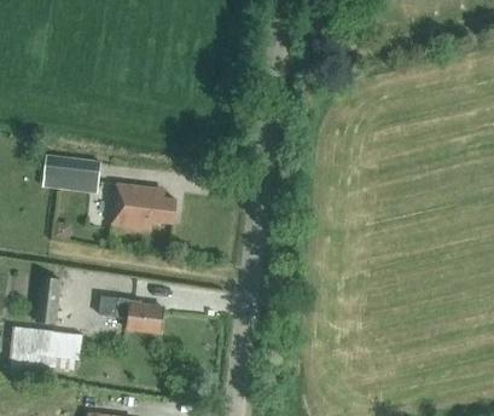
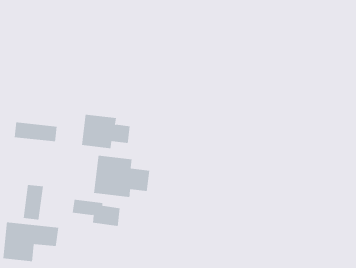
building: [43,155,101,181] -> [14,122,58,142]
building: none -> [94,155,150,198]

